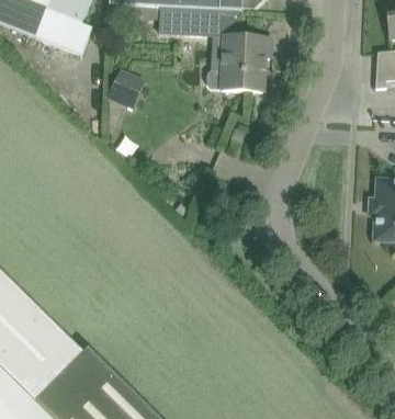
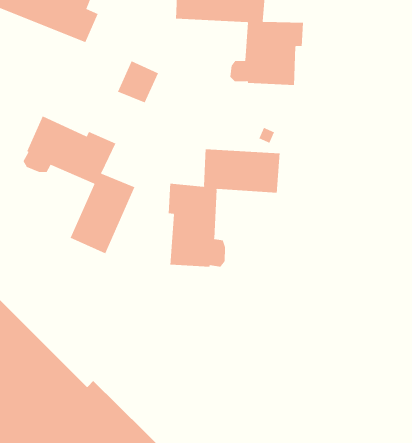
building: none -> [23,116,135,254]
building: none -> [168,148,280,268]

